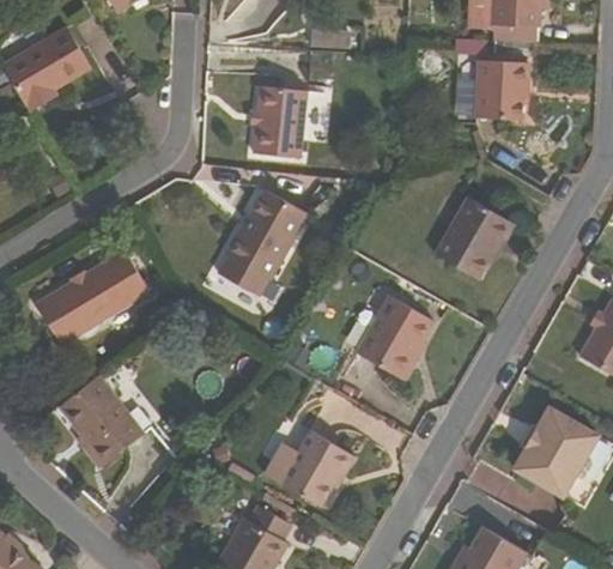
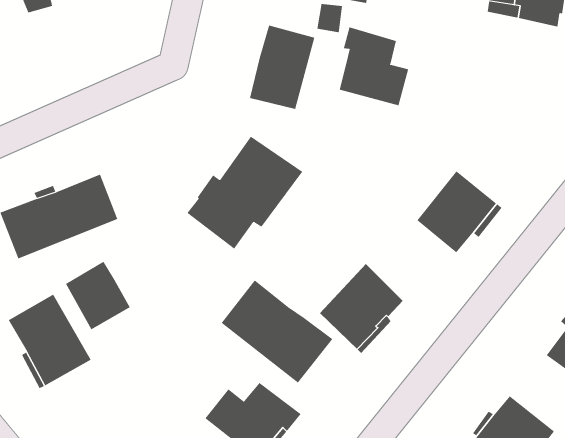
building: [480,59,530,120] -> none
building: none -> [339,27,409,106]
building: none -> [221,280,333,384]
building: none -> [65,261,131,330]

